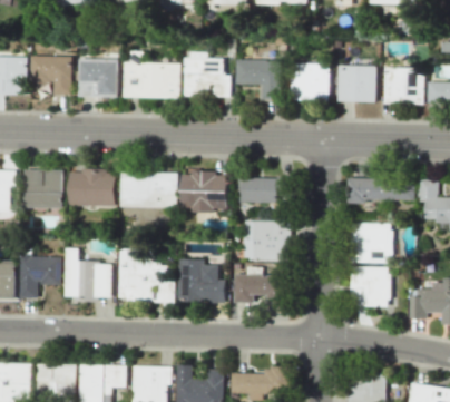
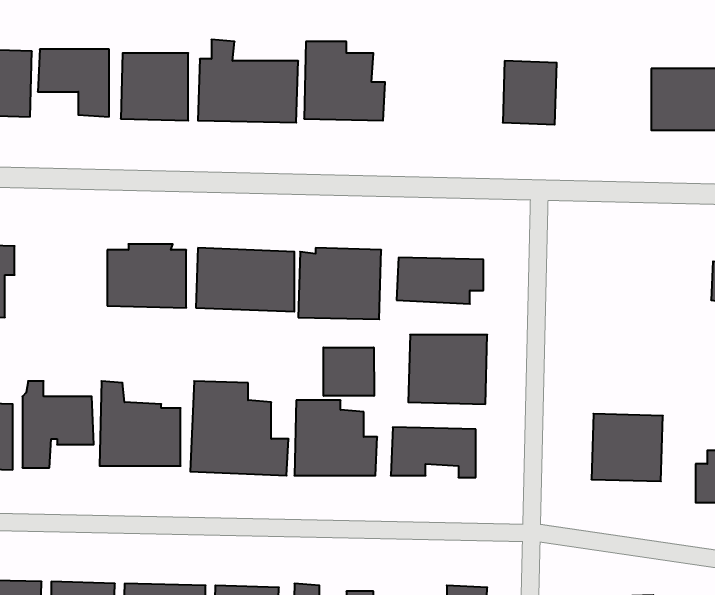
building: [234,60,280,99] -> none
building: [336,66,375,102] -> none
building: [23,169,63,208] -> none
building: [345,178,414,204] -> none
building: [352,223,392,264] -> none
building: none -> [323,347,374,396]

